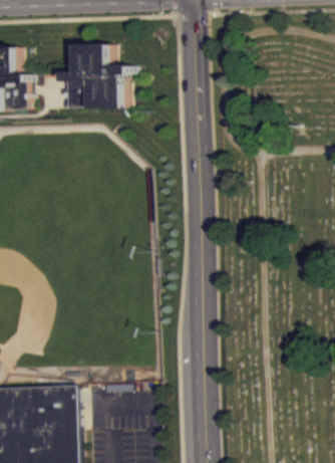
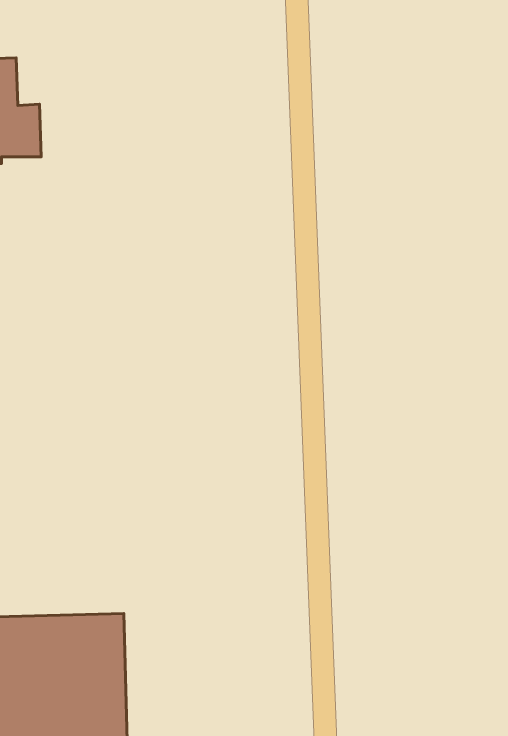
building: [61,44,130,107] -> none

